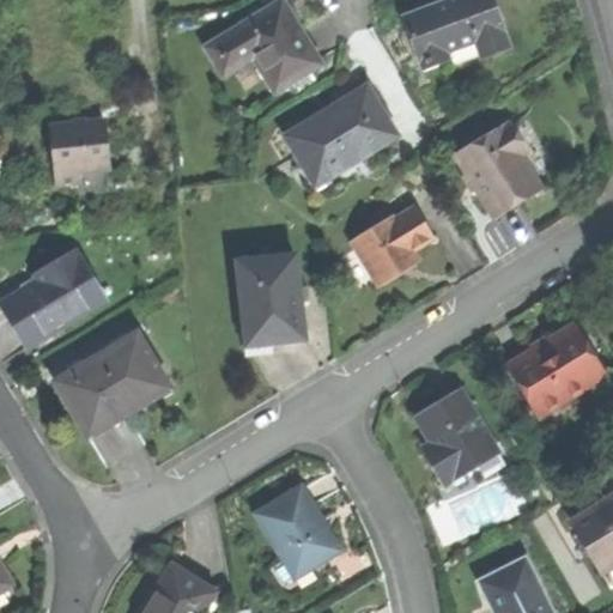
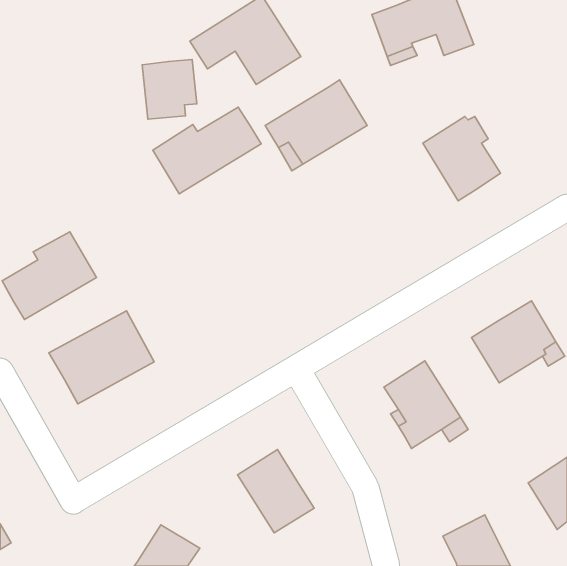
building: none -> [153,107,261,194]
building: [53,119,111,183] -> [142,59,197,119]
building: [339,213,419,286] -> none
building: [236,255,301,342] -> none

